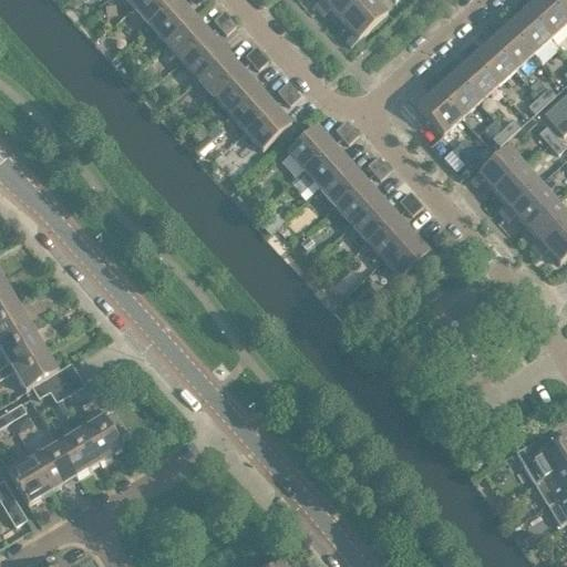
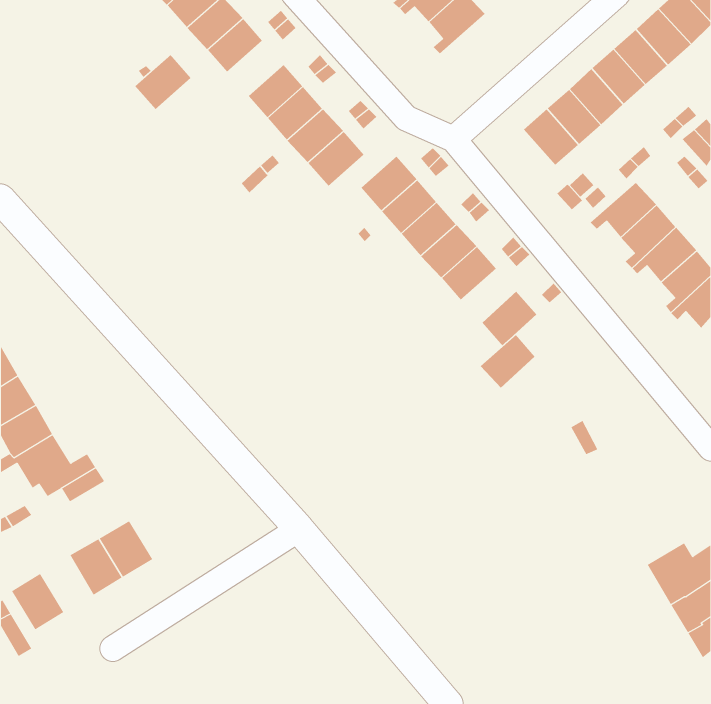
building: [181,32,226,76] -> [135,54,192,110]
building: [367,214,411,257] -> [480,334,536,389]
building: [32,442,74,487] -> none

